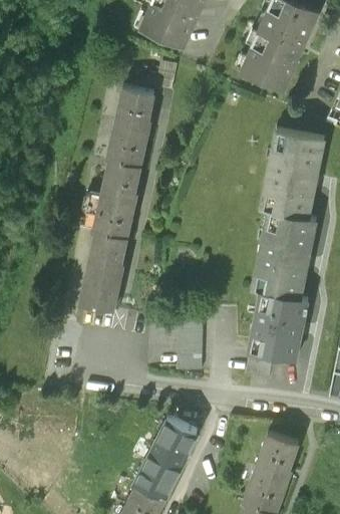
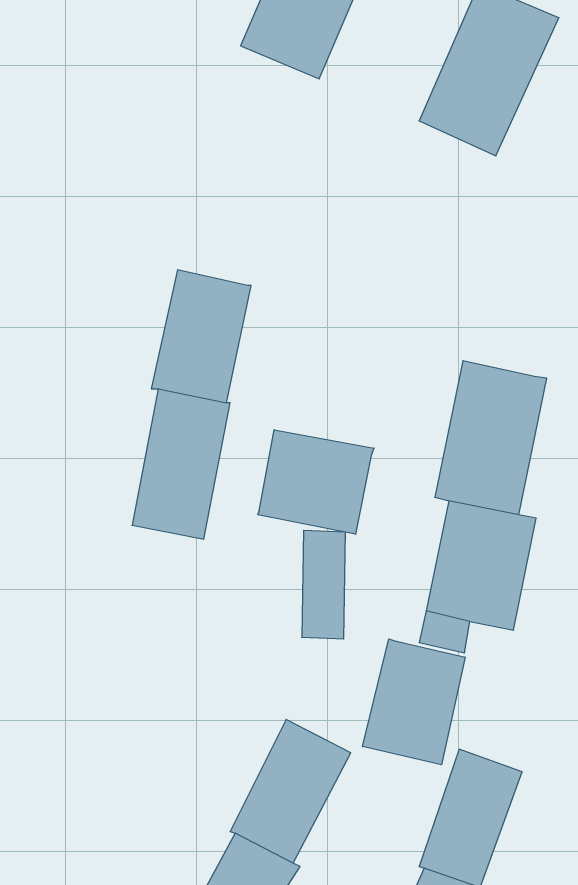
building: [101,85,157,166] -> none
building: [259,134,325,218] -> none
building: none -> [258,430,374,534]
building: none -> [363,639,465,765]

